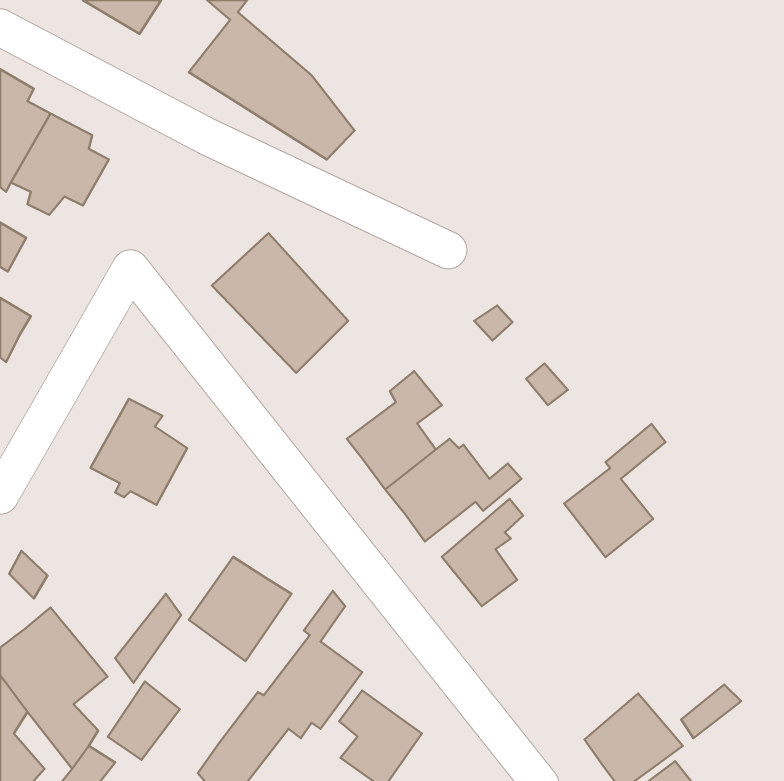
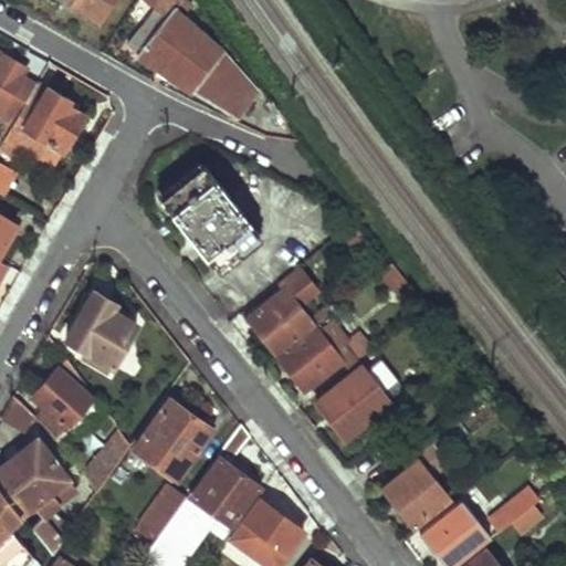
building: [564,424,665,557] -> [385,431,458,527]
building: none -> [32,337,102,437]
building: [108,682,180,760] -> [134,481,186,537]

